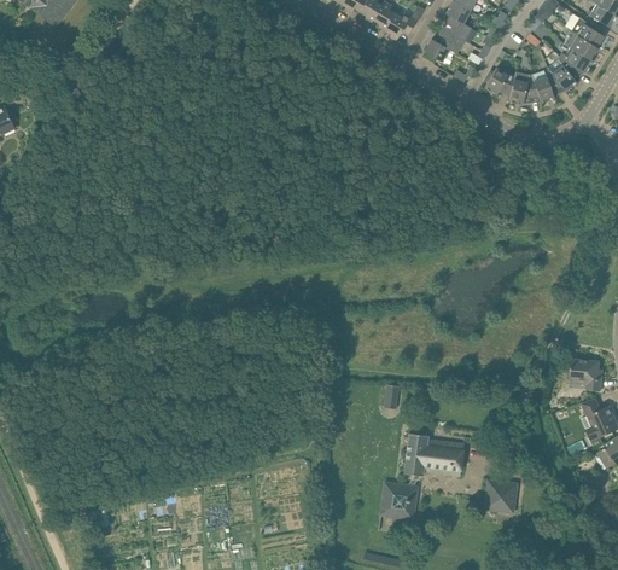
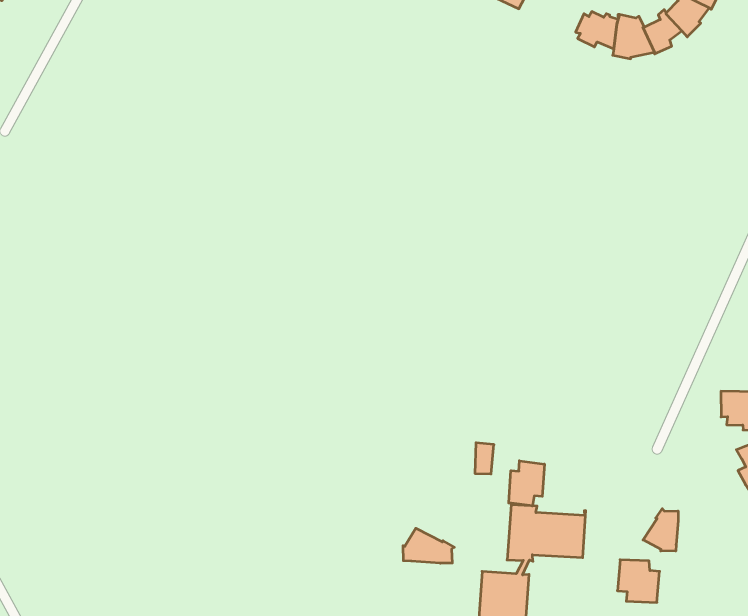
building: none -> [509,461,544,506]
building: none -> [643,509,678,551]
building: none -> [403,528,454,563]

